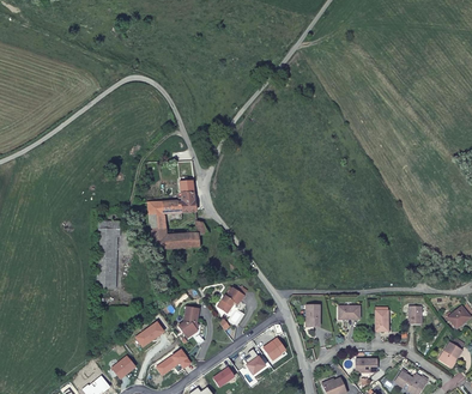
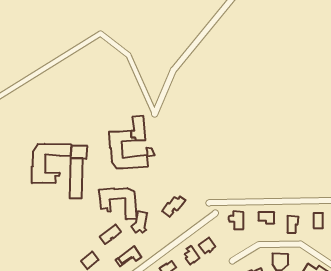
building: none -> [32,144,71,183]
building: none -> [99,188,137,219]

